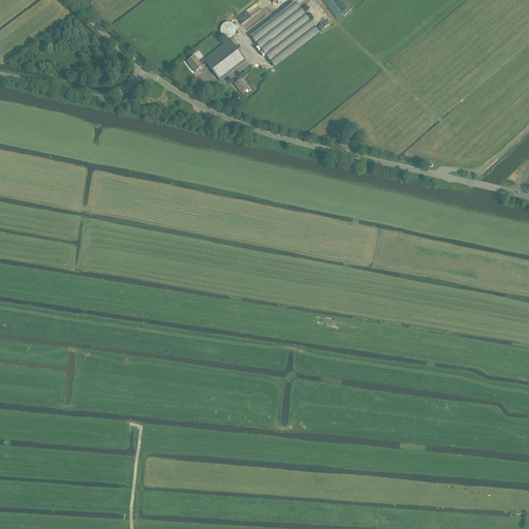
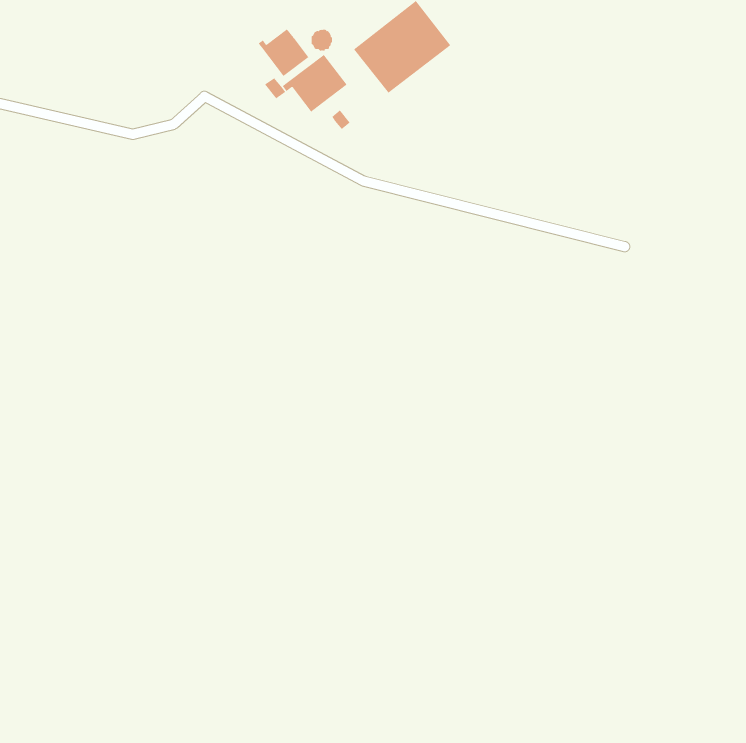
building: none -> [258,28,309,77]

